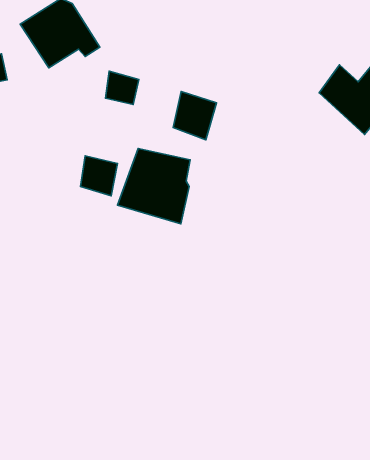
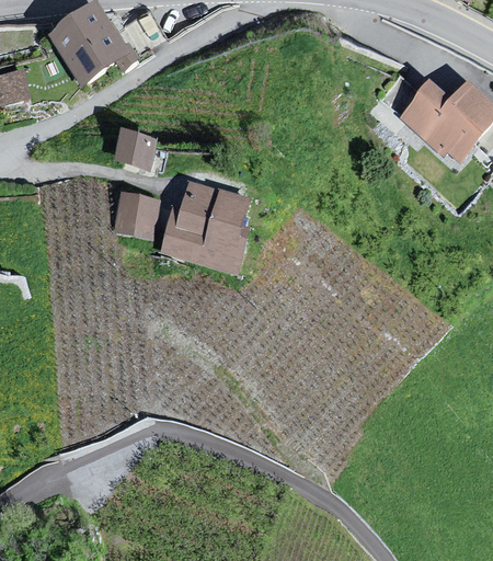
building: [105,71,139,105] -> [114,129,153,169]
building: [173,91,217,140] -> none

